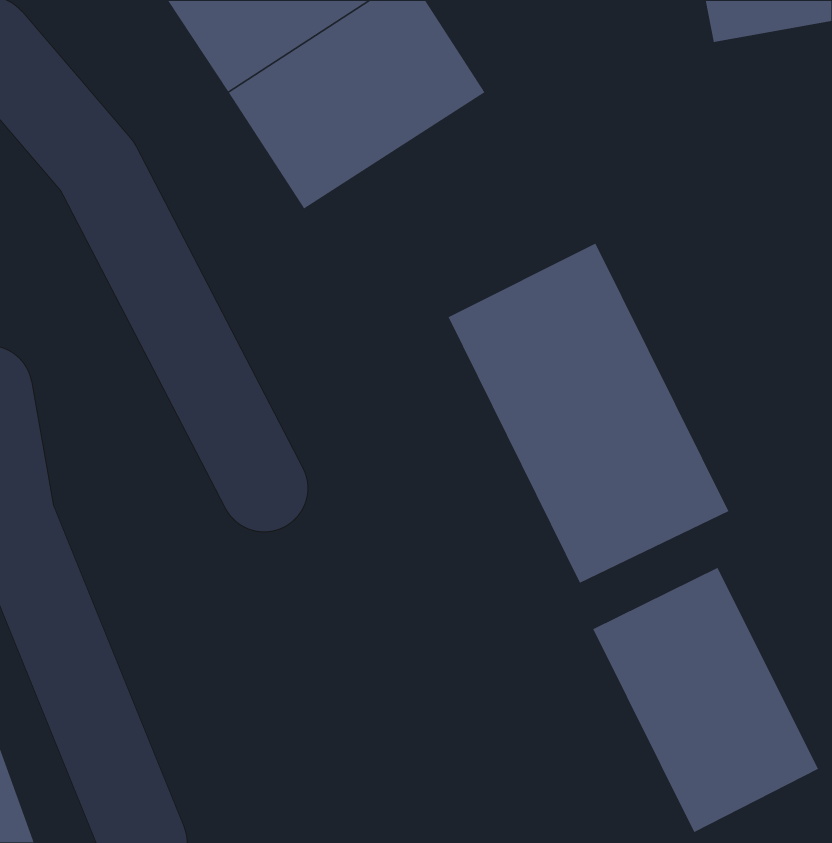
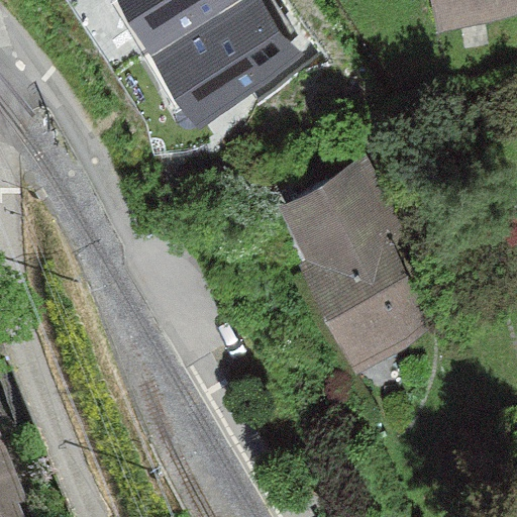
building: [592,567,819,833] -> none

